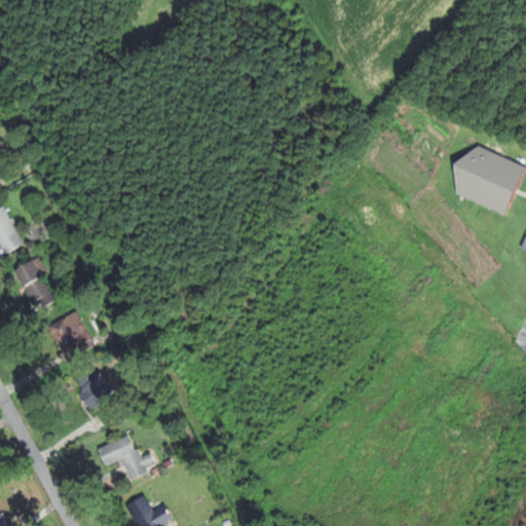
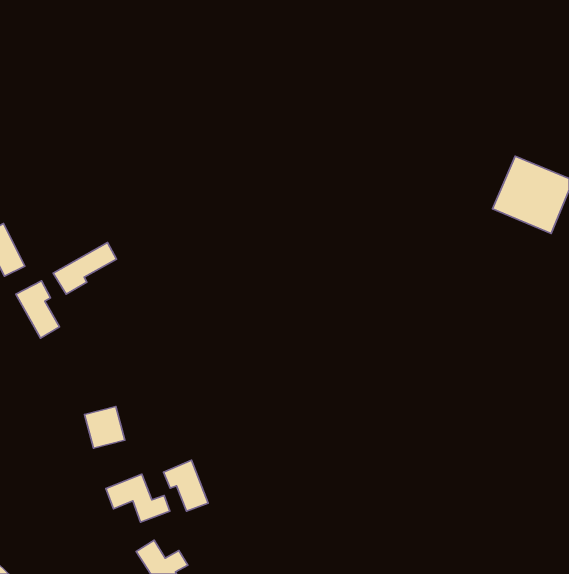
building: none -> [53,243,116,294]
building: [47,310,93,359] -> none
building: none -> [163,460,208,511]

